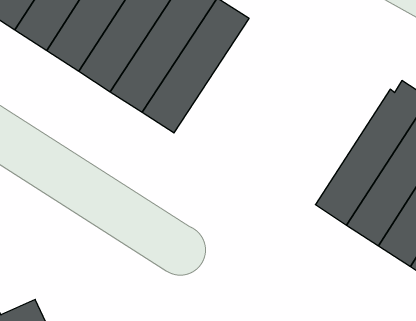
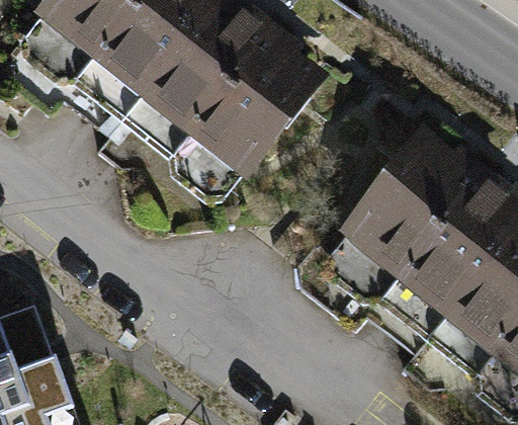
building: none -> [334,130,458,271]

